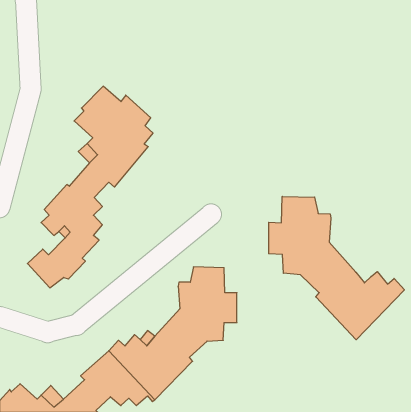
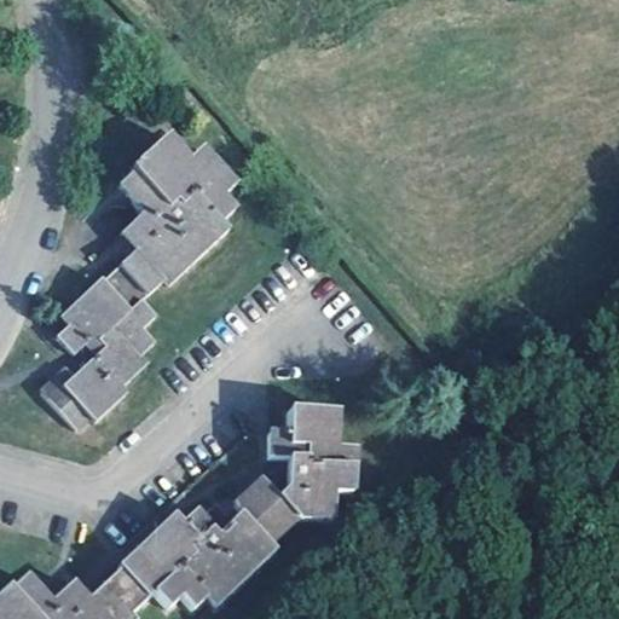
building: [269,196,404,340] -> none

